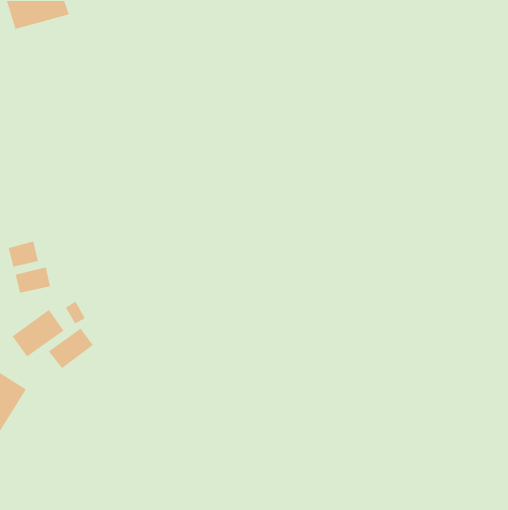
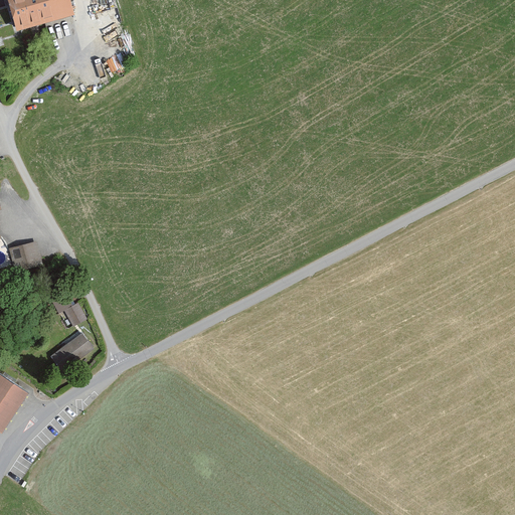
building: [15,267,51,294] -> none
building: [11,309,64,357] -> none

